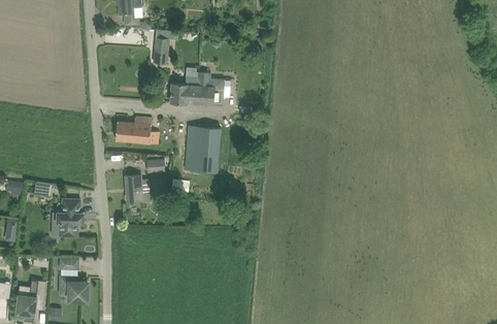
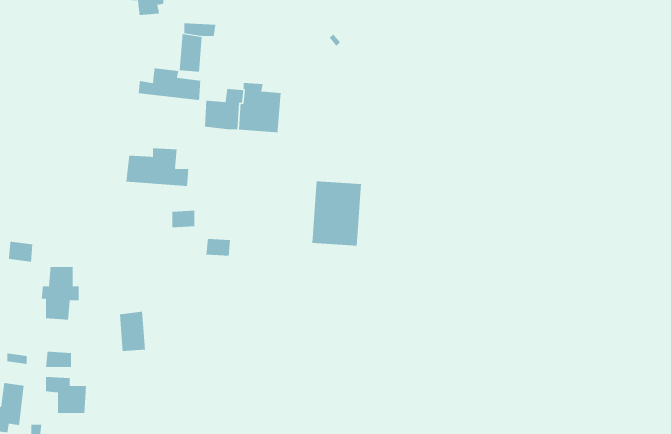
building: none -> [138,68,201,101]
building: [185,125,220,170] -> [311,181,362,246]
building: [124,174,142,202] -> [119,311,146,351]

